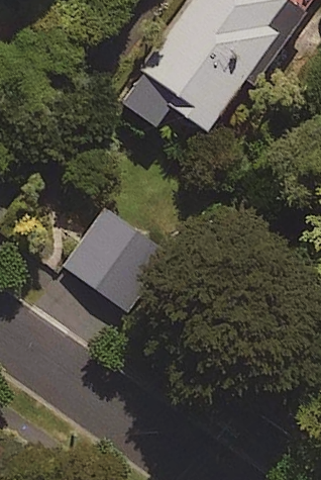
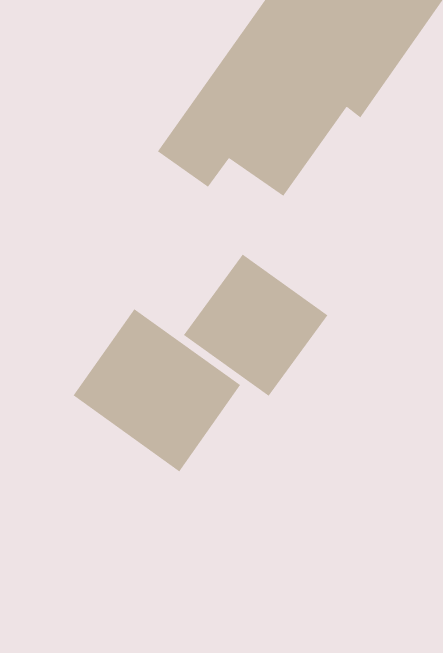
building: none -> [183,253,328,397]

